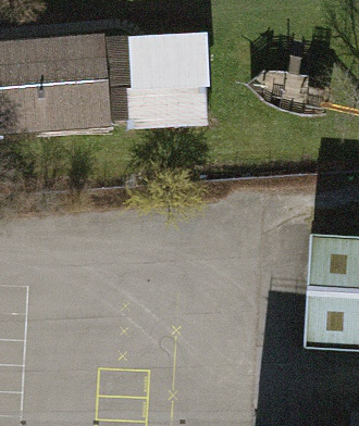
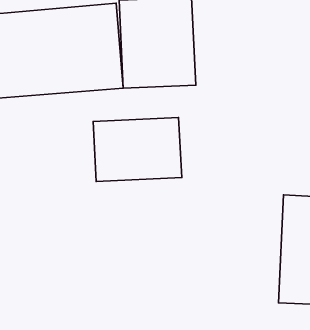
building: none -> [93,118,182,181]

